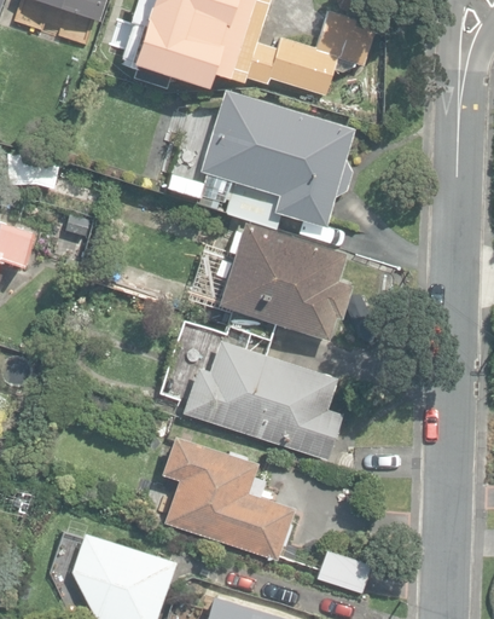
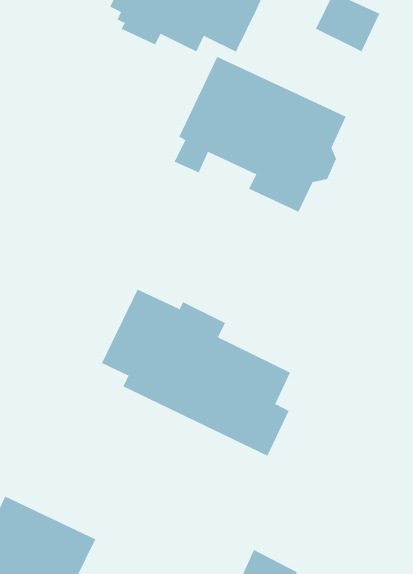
building: [245,36,355,97] -> none
building: [205,225,351,336] -> none
building: [161,434,294,559] -> none

